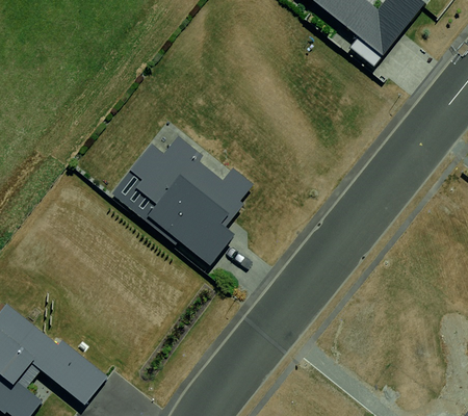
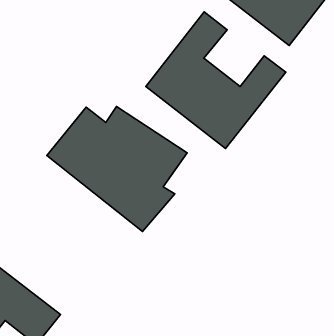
building: none -> [146,12,286,149]

